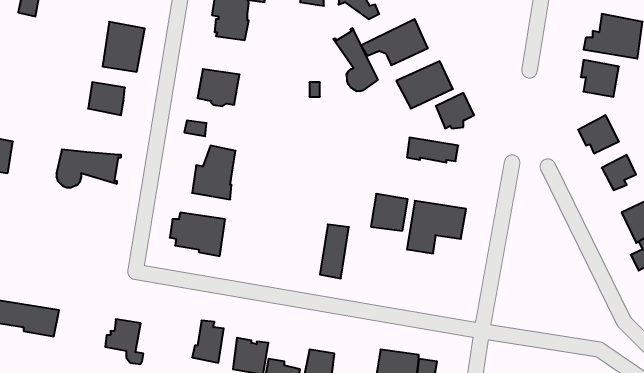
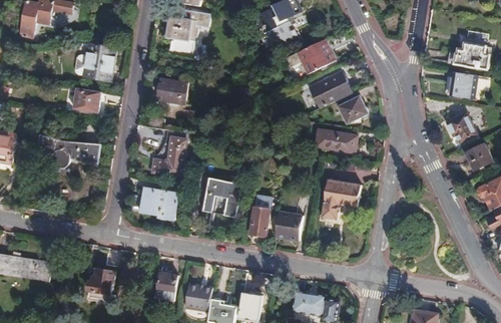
building: [333,28,378,91] -> none
building: [371,194,408,231] -> [275,212,303,240]
building: none -> [202,181,238,216]

